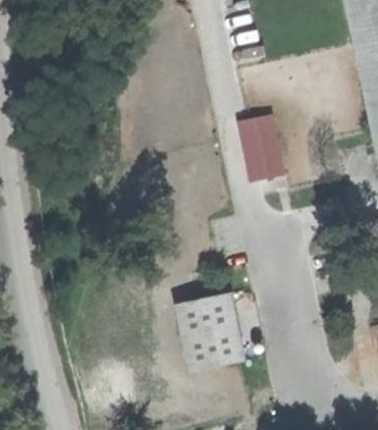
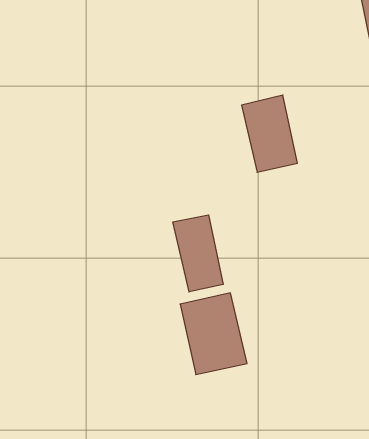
building: none -> [173,215,223,292]

